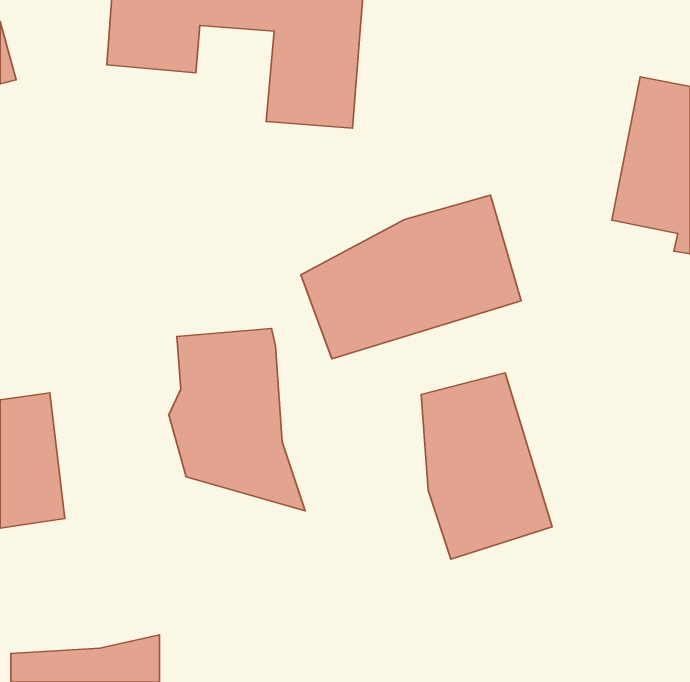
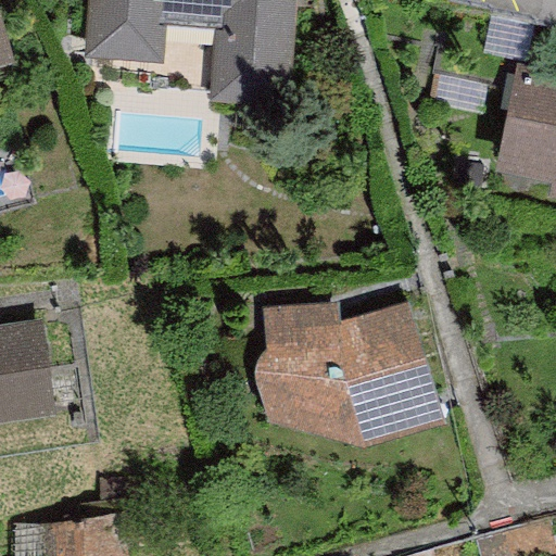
building: [301,195,521,359] -> none
building: [169,328,305,511] -> [253,303,363,450]

